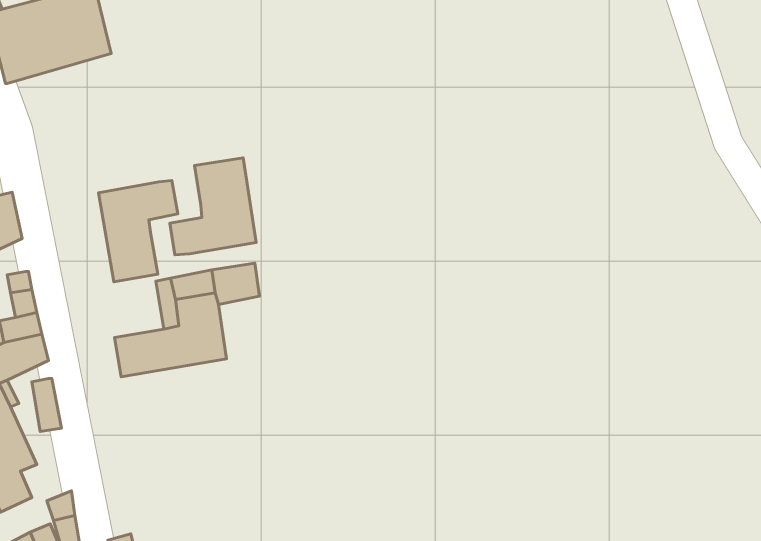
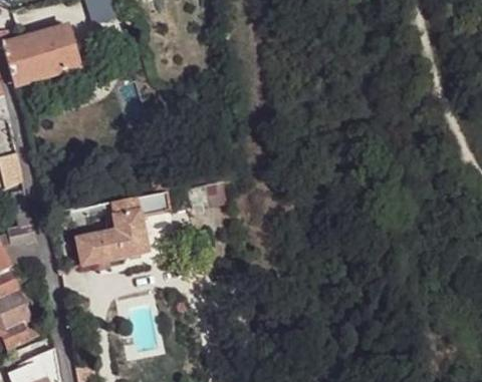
building: [170,158,256,255] -> none
building: [99,181,178,282] -> none

